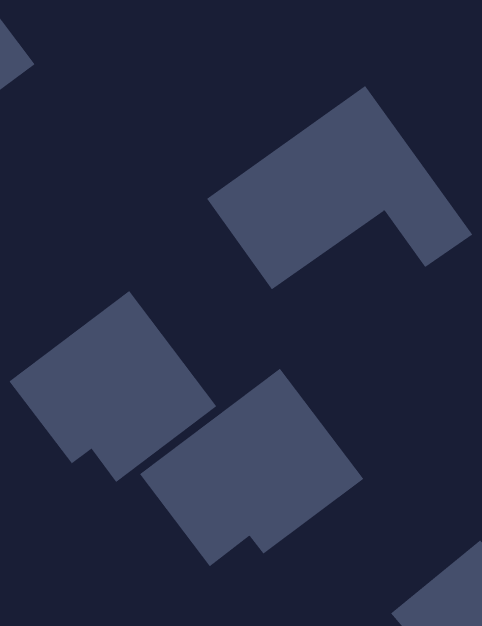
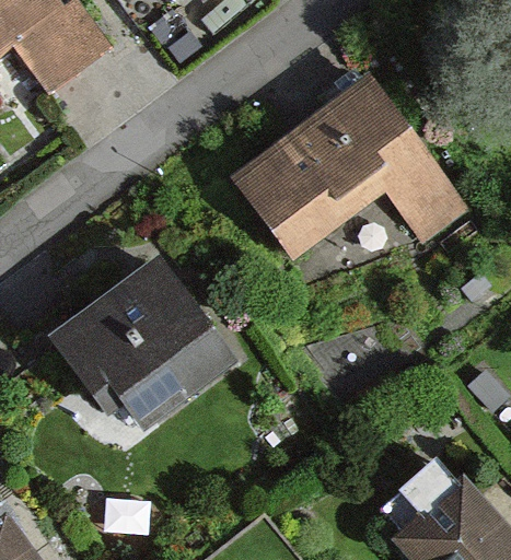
building: [139,368,364,567] -> none

